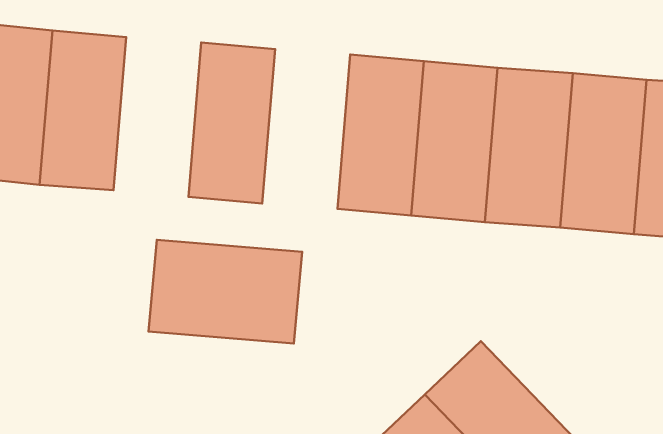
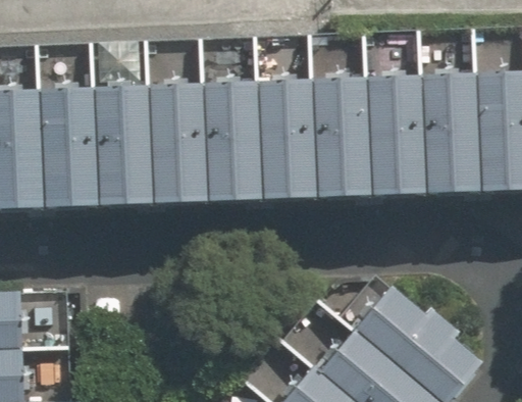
building: none -> [95,89,155,204]
building: none -> [204,84,264,200]
building: [148,240,302,343] -> none

